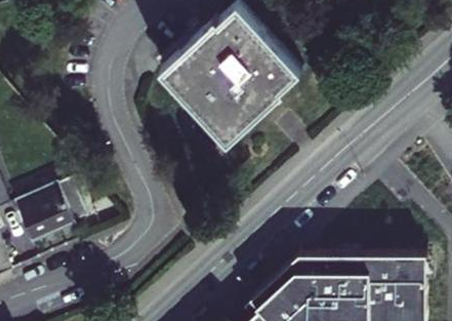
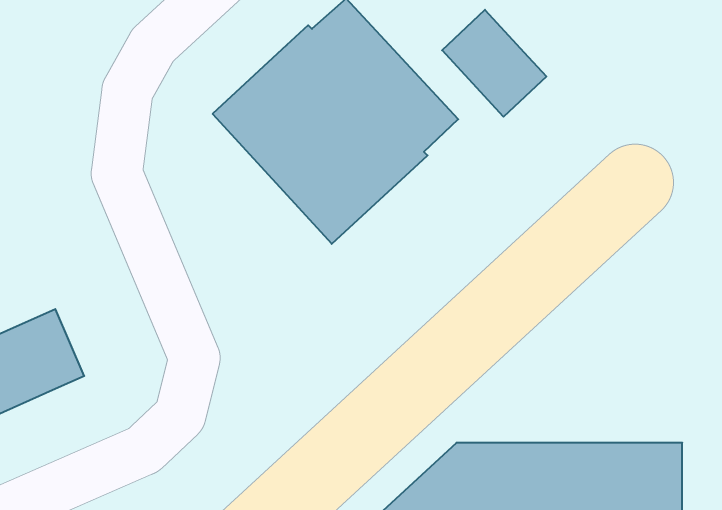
building: none -> [442,10,546,117]

